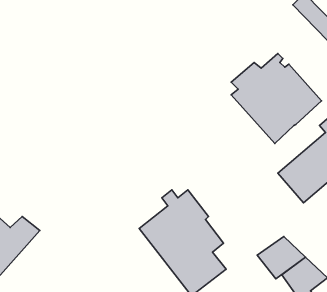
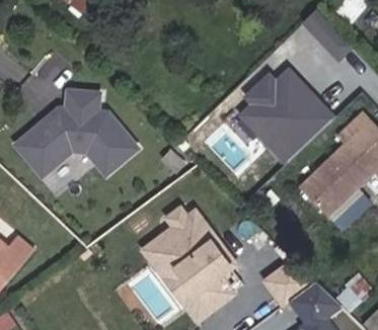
building: none -> [14,94,133,178]

